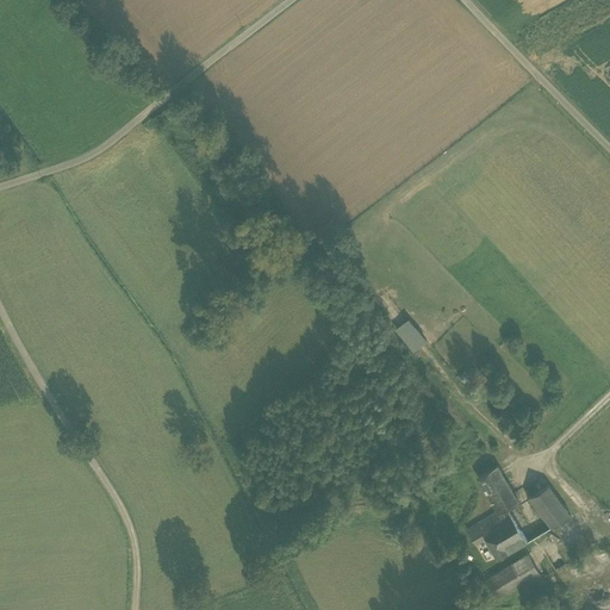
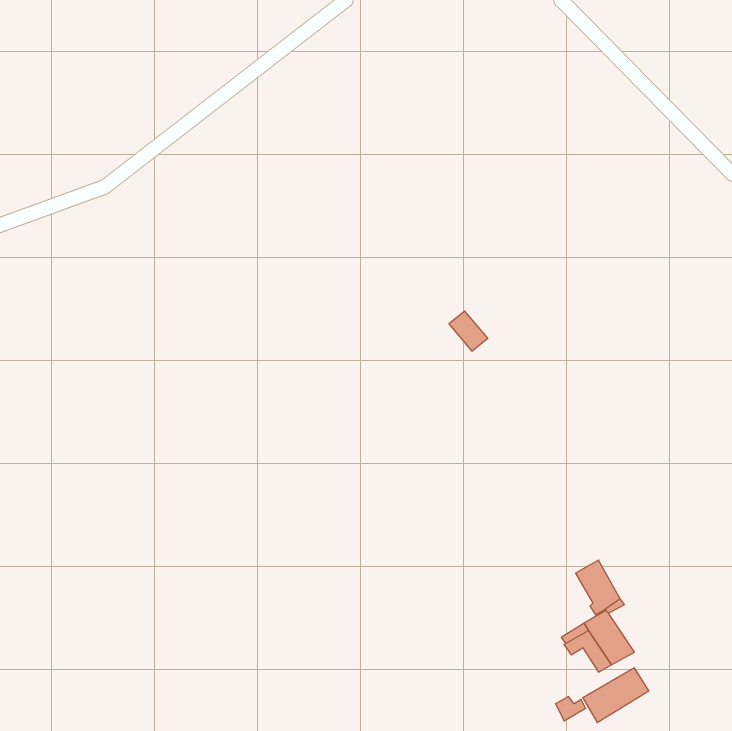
building: [394,318,427,351] -> [449,311,488,351]
building: [528,487,569,529] -> none

